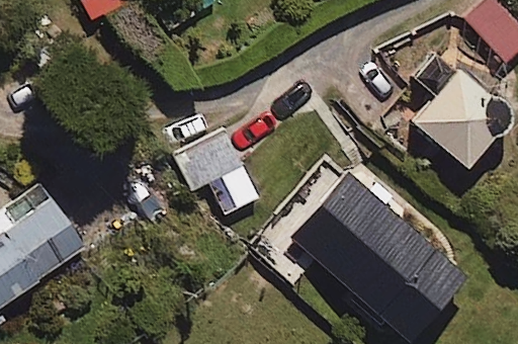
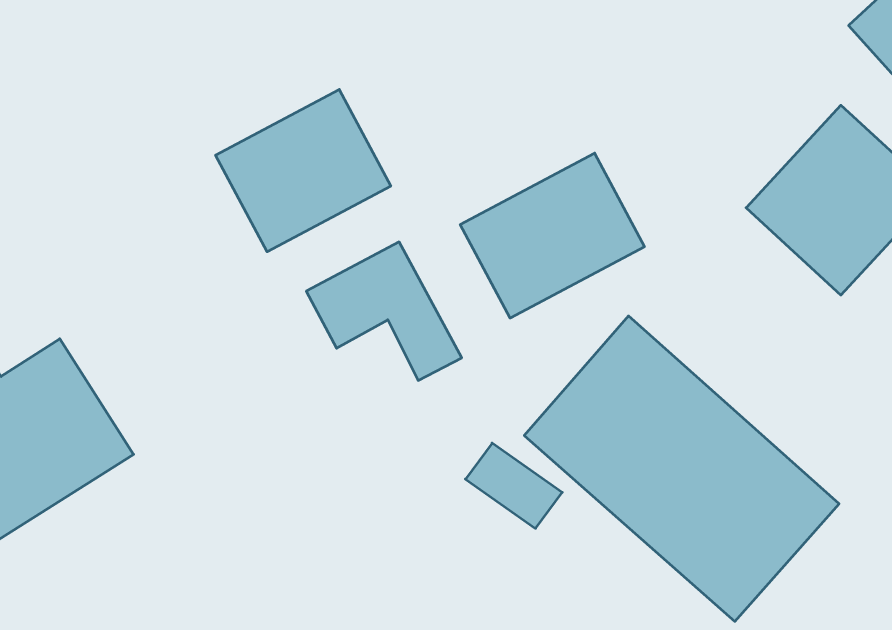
building: none -> [216,89,391,252]
building: none -> [460,153,644,318]

